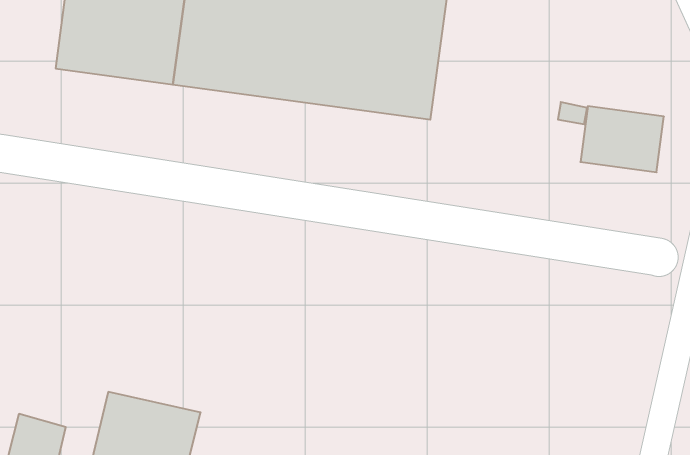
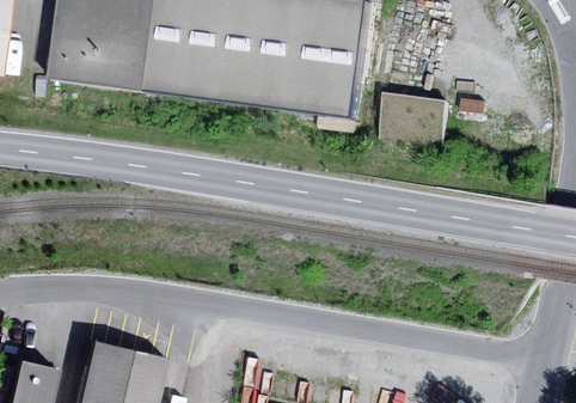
building: [580,106,664,172] -> [376,92,445,146]

